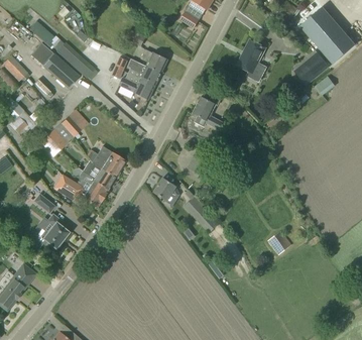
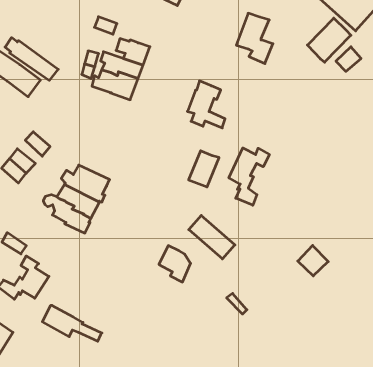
building: none -> [229,148,269,205]
building: [54,175,101,207] -> [42,305,102,341]
building: [154,178,179,208] -> [159,246,191,282]

